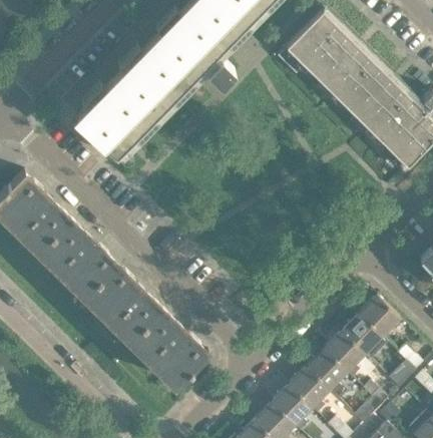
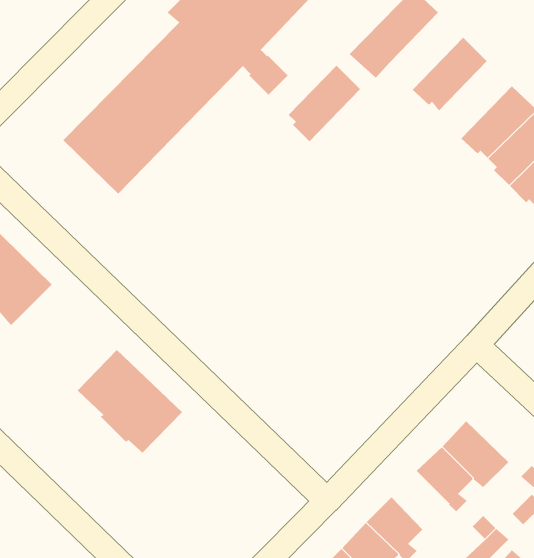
building: [305,29,356,83] -> [288,65,361,142]
building: [339,63,390,117] -> none
building: [39,220,113,294] -> none
building: [358,297,399,337] -> none
building: [131,309,207,385] -> none
building: [306,350,346,397] -> none

